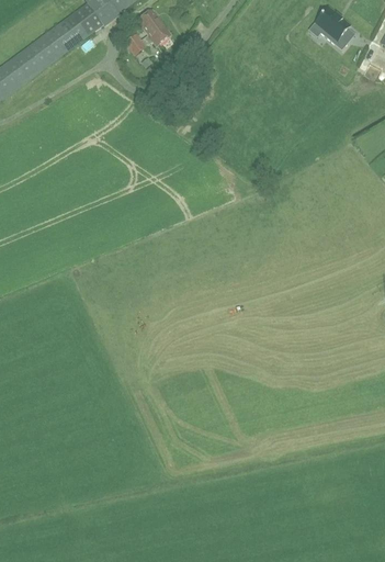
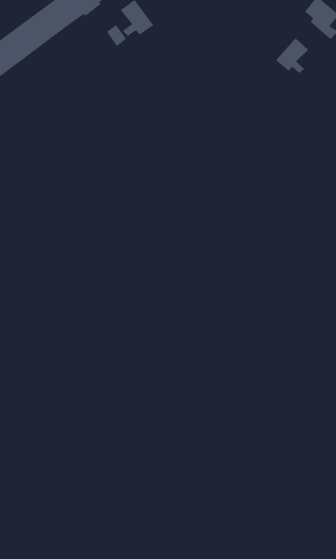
building: none -> [275,38,309,74]

